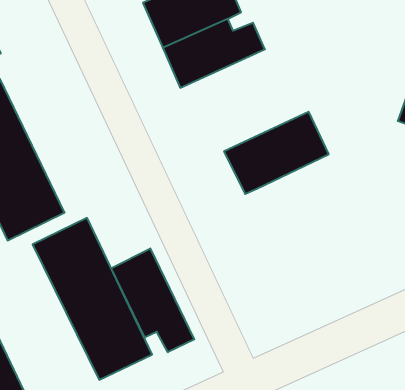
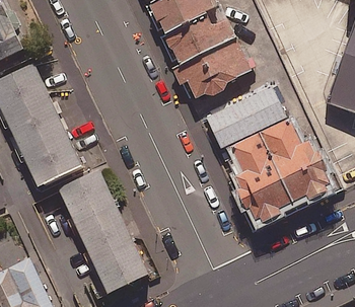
building: none -> [170,41,251,103]
building: none -> [228,121,327,229]
building: [111,248,194,352] -> none

